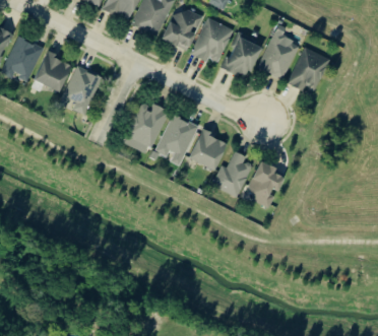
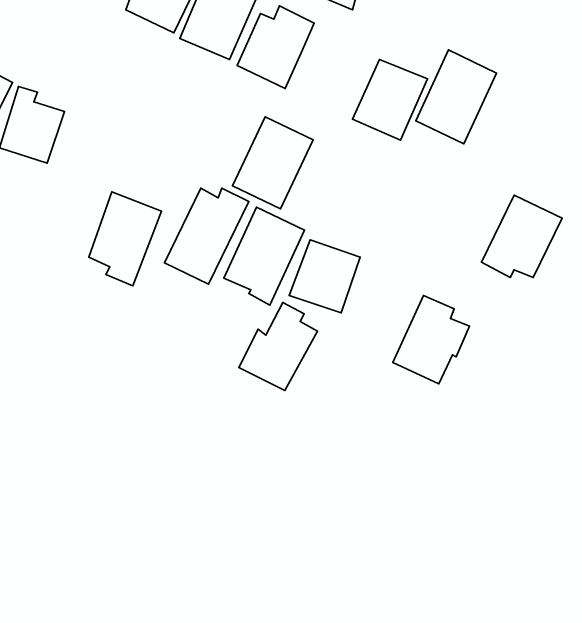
building: [190,16,233,65] -> [233,117,313,209]
building: [287,47,329,90] -> [481,195,562,278]
building: [61,65,100,115] -> [89,192,162,286]
building: [210,150,252,197] -> [239,302,318,391]

